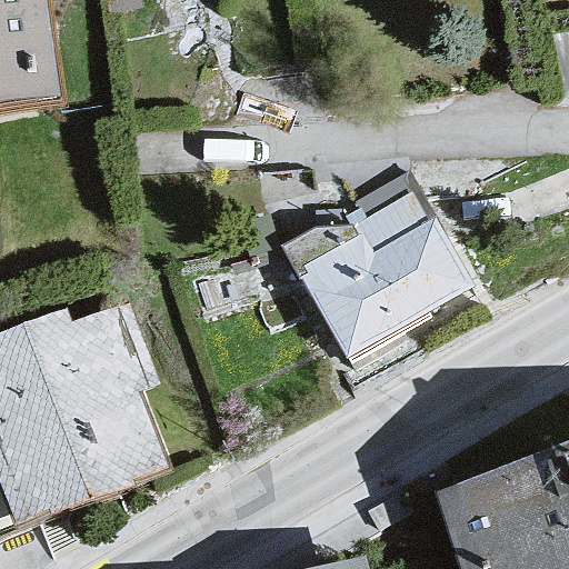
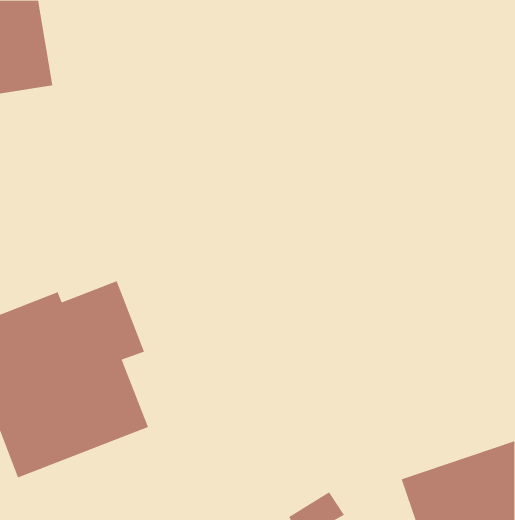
building: [291,177,469,355] -> none

